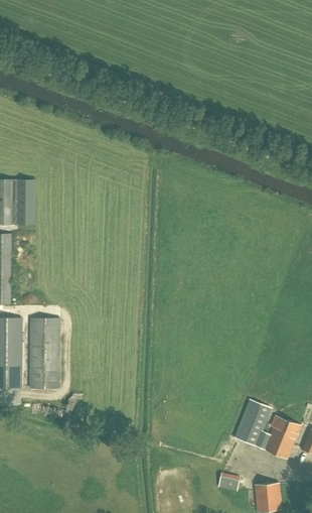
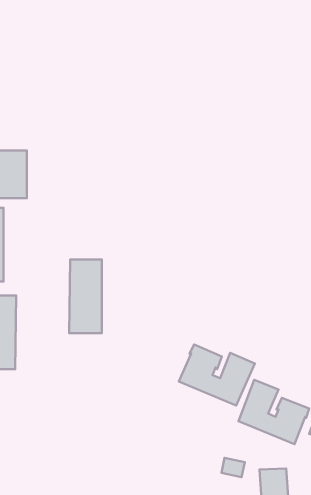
building: [29,317,60,388] -> [69,259,102,333]
building: none -> [179,344,255,405]

